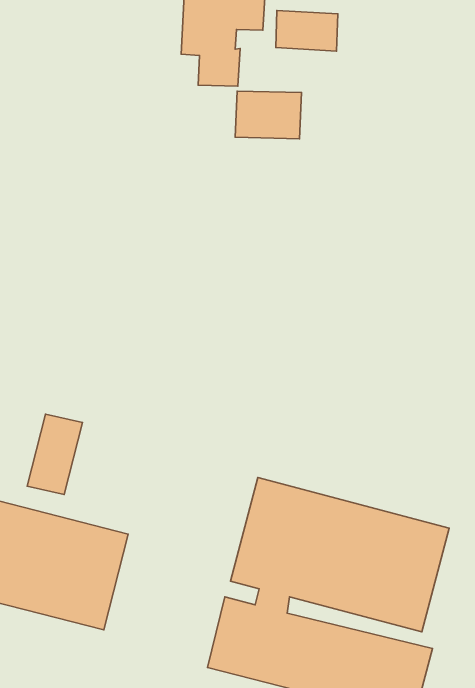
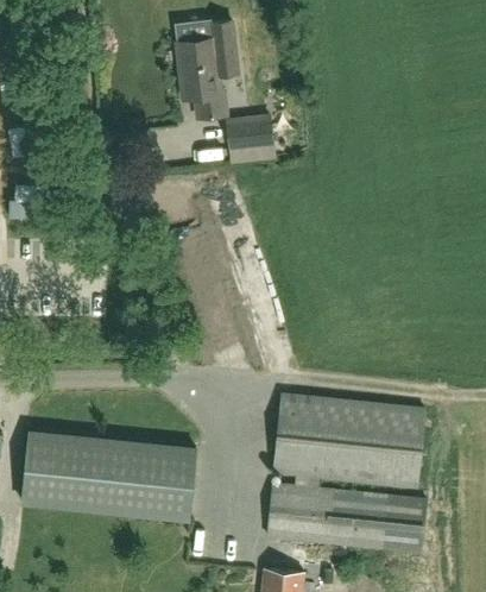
building: [276,10,338,51] -> none
building: [27,414,83,495] -> none

